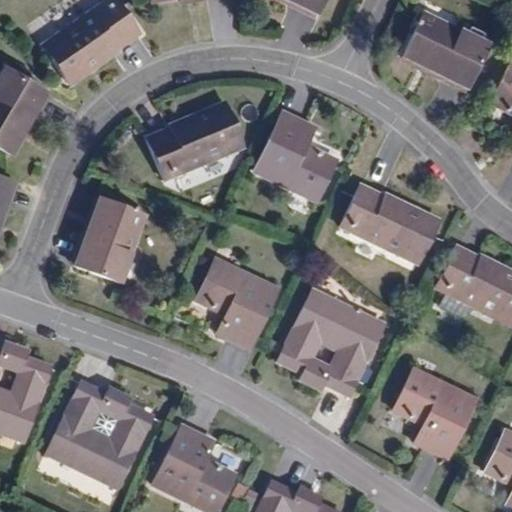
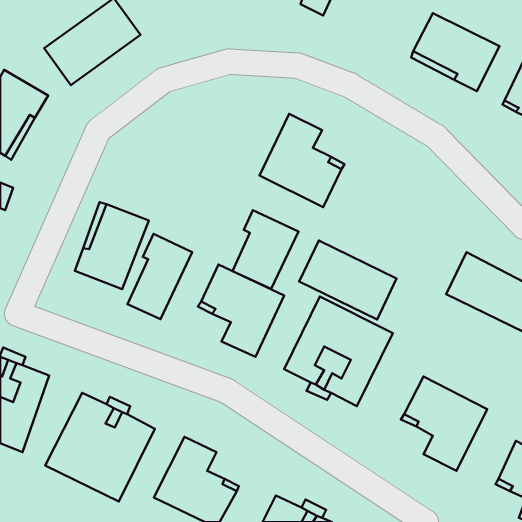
building: [148,105,244,178] -> none
building: [342,185,437,262] -> [299,241,397,320]
building: none -> [232,210,298,289]
building: none -> [127,234,192,319]

